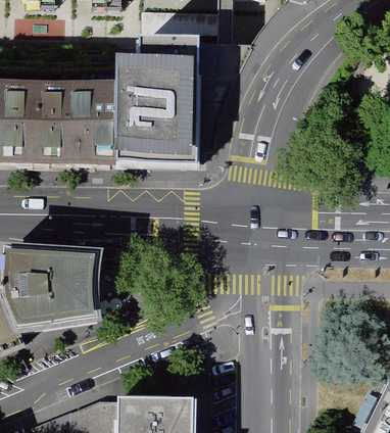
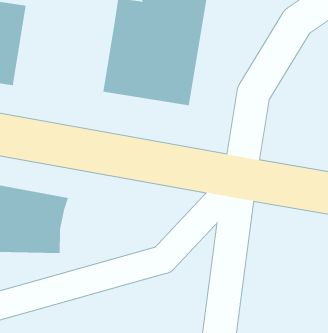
building: [28,80,115,161] -> none

